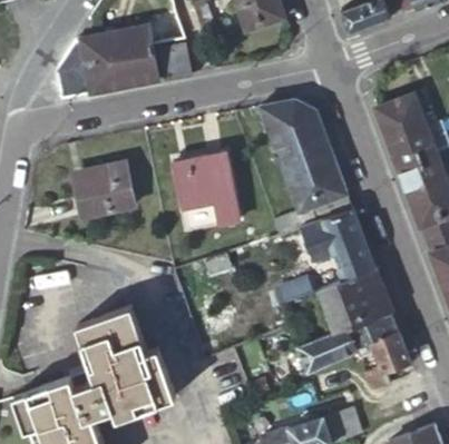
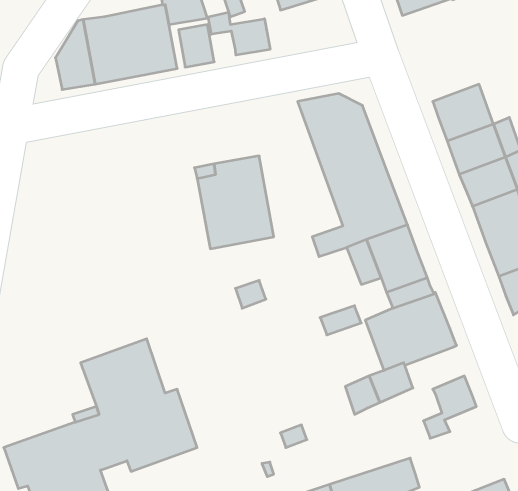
building: none -> [208,12,270,55]
building: [78,162,140,220] -> none
building: [350,313,400,358] -> none

